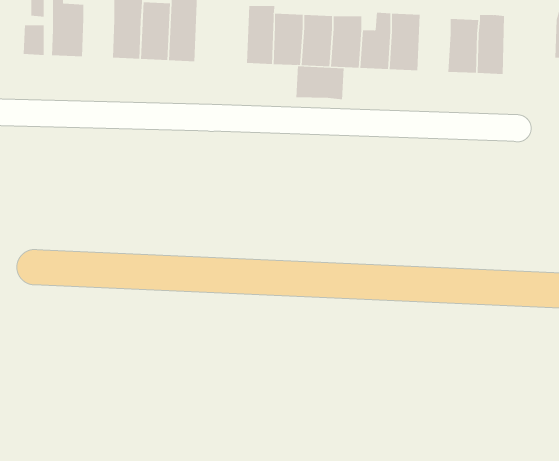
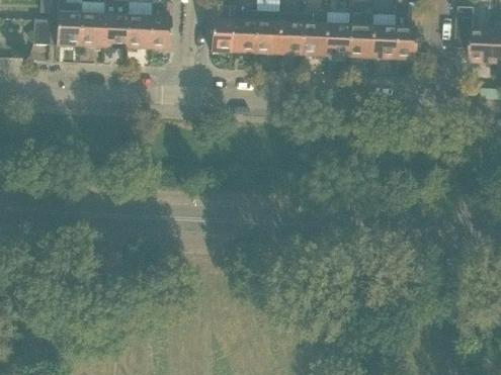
building: none -> [348,12,373,58]
building: none -> [82,15,106,46]
building: [296,65,344,100] -> none

